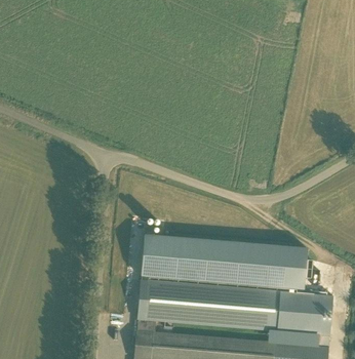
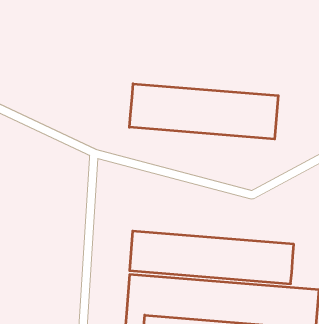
building: none -> [129,84,278,139]

